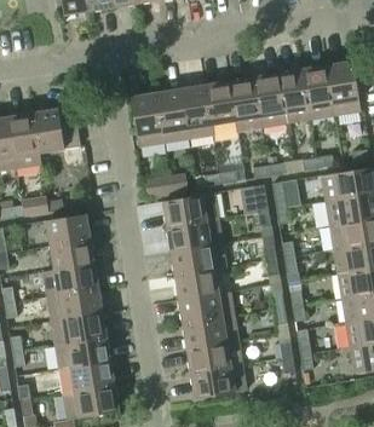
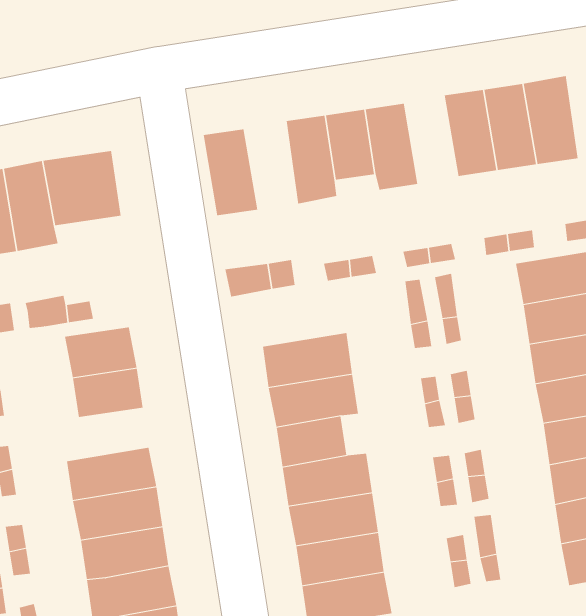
building: [253,73,286,127] -> none
building: [155,88,188,143] -> none
building: [162,192,218,226] -> none
building: [42,264,97,296] -> none

